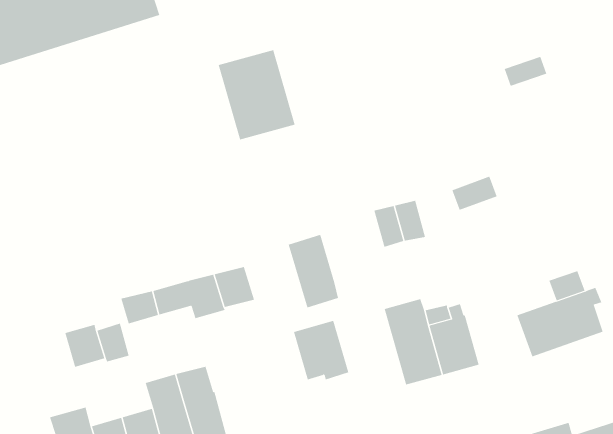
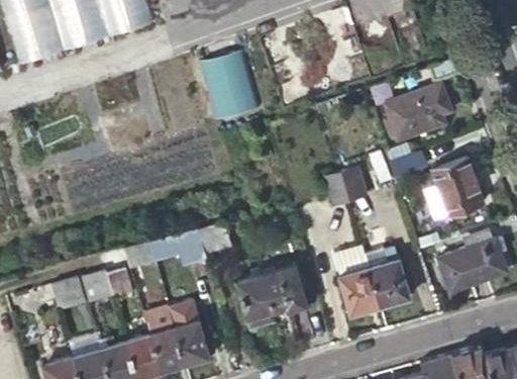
building: none -> [384,84,447,139]
building: none -> [429,154,480,211]
building: [288,234,339,308] -> [234,274,275,333]
building: none -> [50,276,85,310]

